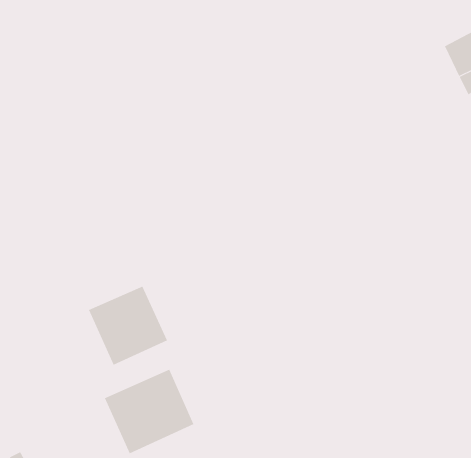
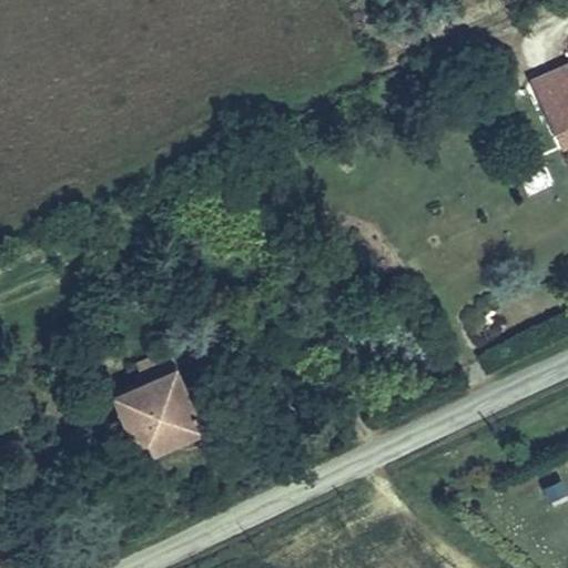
building: [104,369,194,454] -> none

